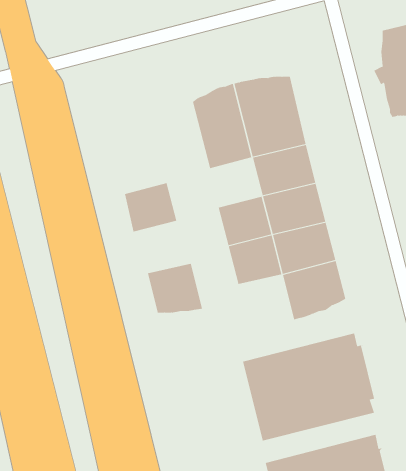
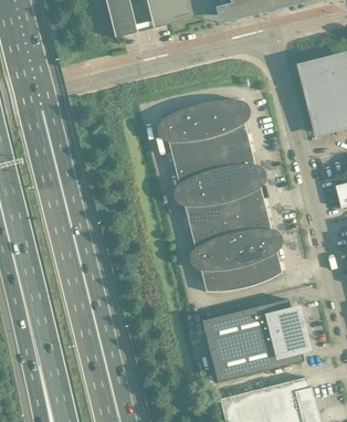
building: [124,182,177,232] -> [176,161,217,200]
building: [147,263,203,313] -> [198,252,241,291]

